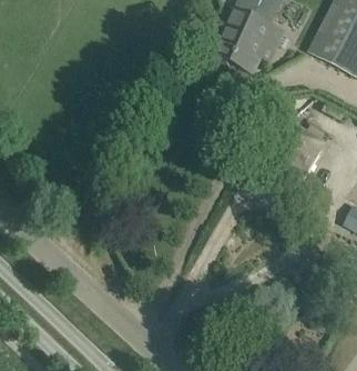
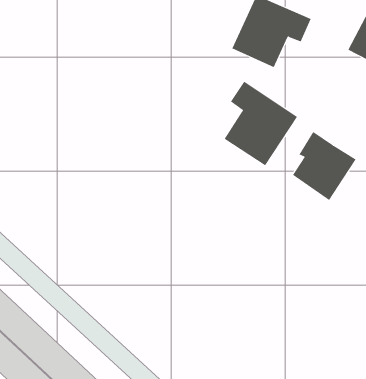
building: none -> [224,81,298,166]

